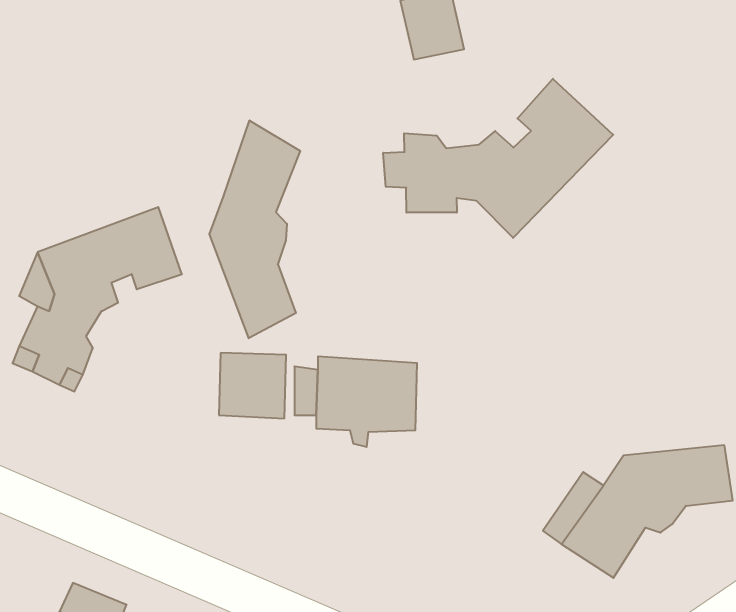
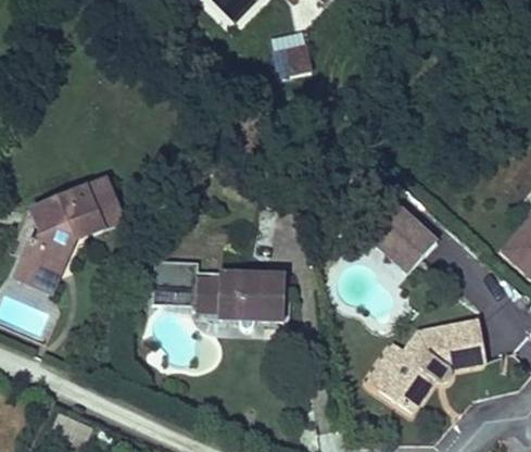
building: [383,79,613,238] -> none
building: [209,120,300,338] -> none
building: none -> [371,212,441,280]

